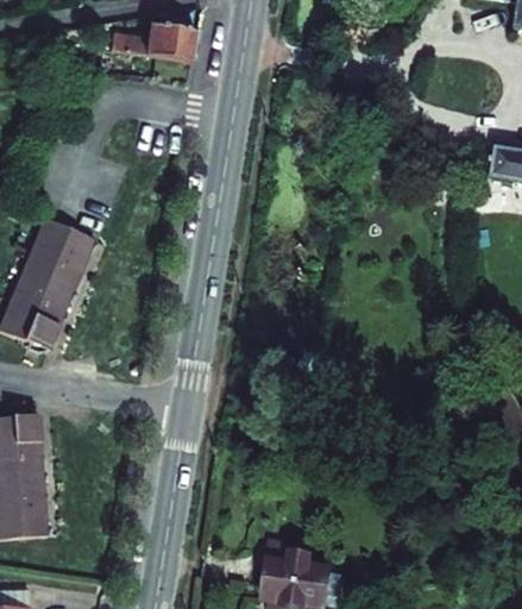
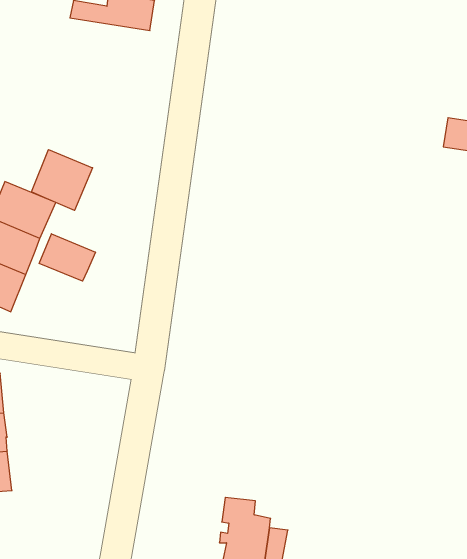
building: none -> [32,150,93,210]
building: none -> [39,234,95,281]

